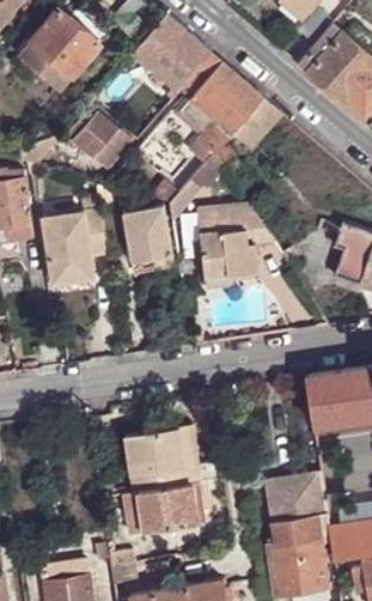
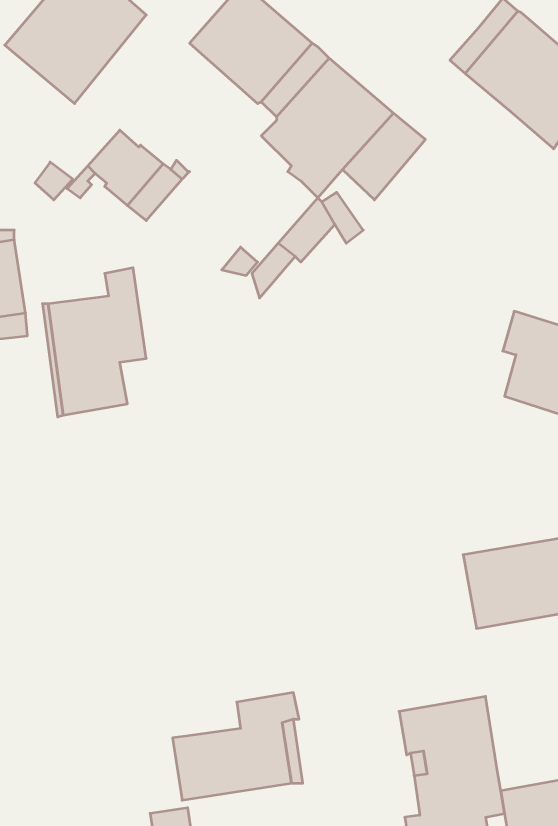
building: [122,205,175,271] -> none
building: [197,207,275,279] -> none
building: [123,425,200,492] -> none

